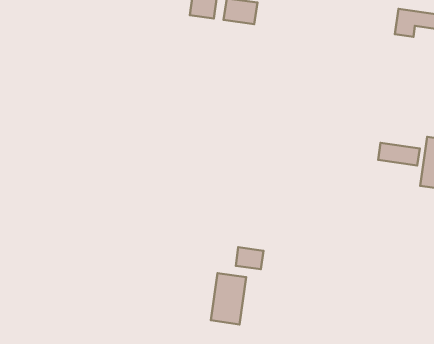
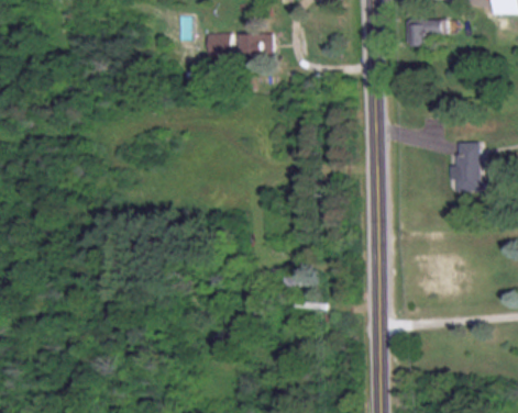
building: [378,143,420,165] -> none
building: [211,273,246,324] -> none

